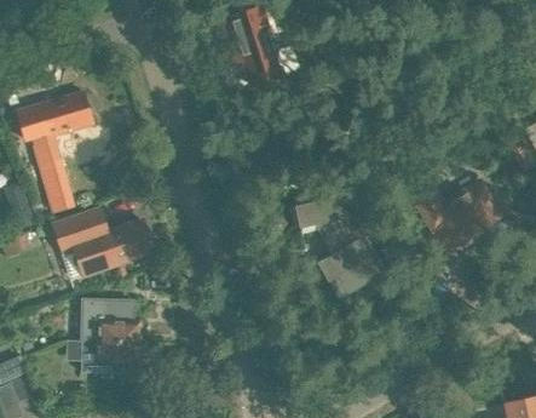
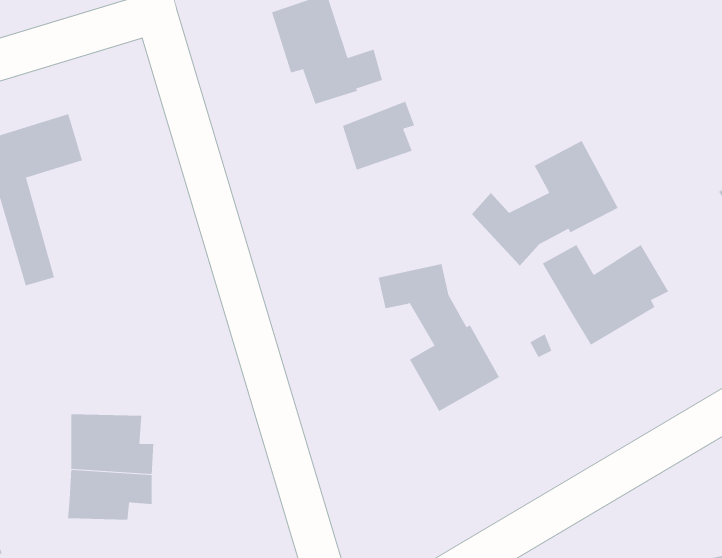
building: none -> [342,101,415,171]
building: none -> [471,140,618,267]
building: [53,208,152,275] -> none

